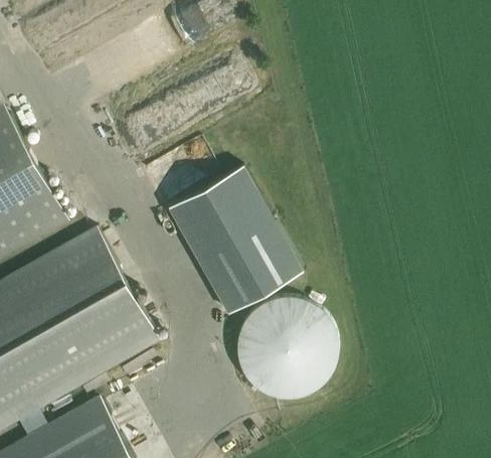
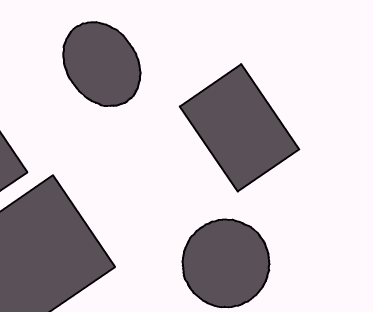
building: none -> [63,22,141,106]
building: [165,163,299,310] -> [180,64,299,192]

